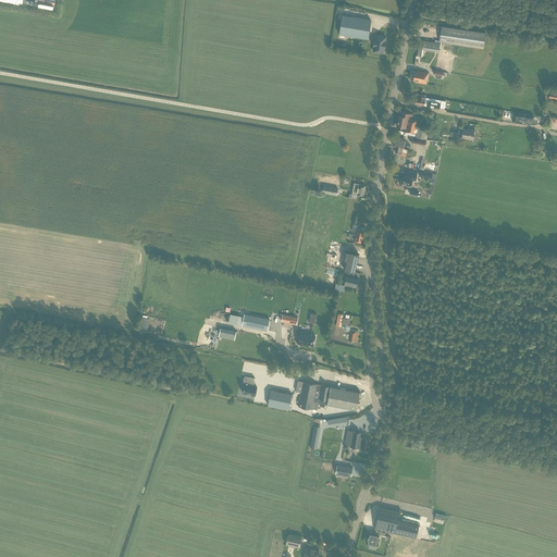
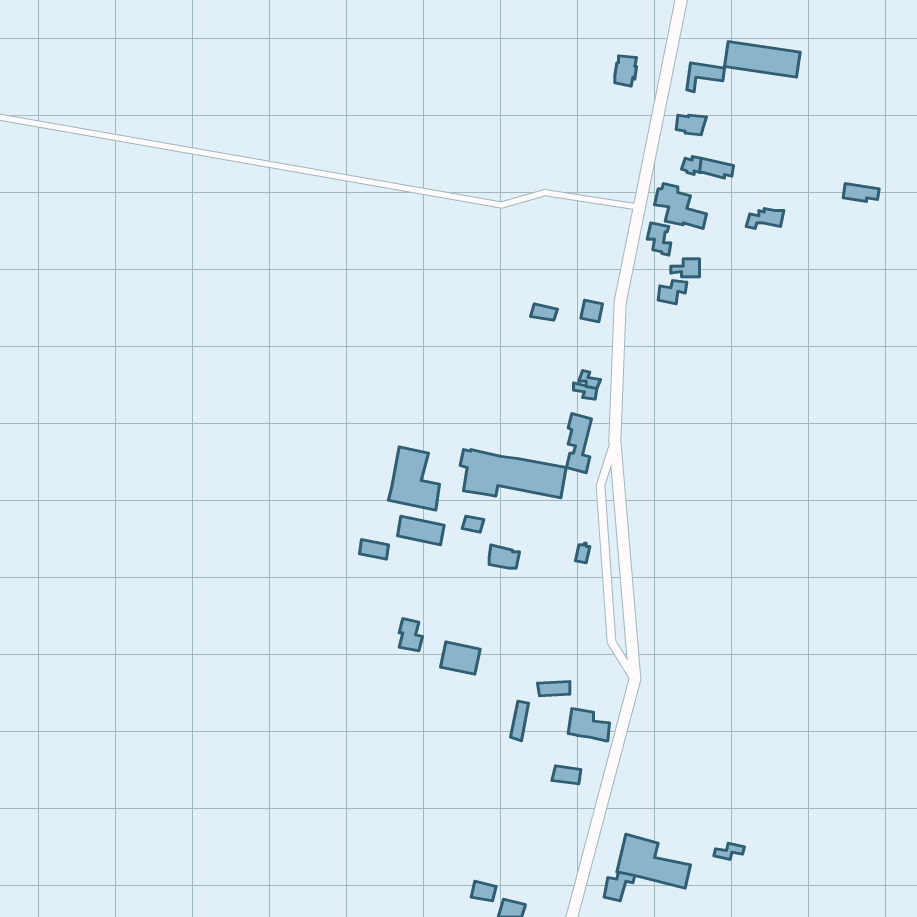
building: [338,14,370,37] -> none
building: none -> [388,447,440,510]
building: [295,380,359,409] -> [460,449,566,498]

